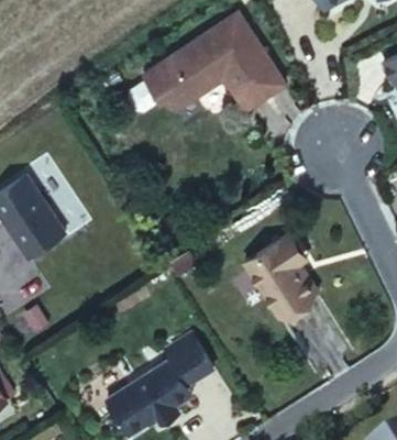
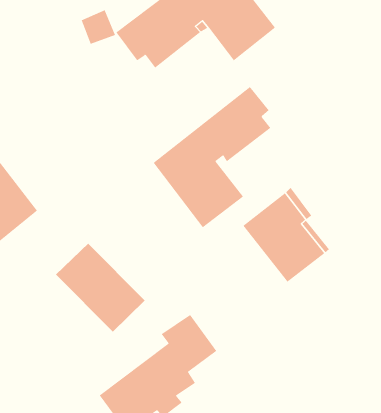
building: none -> [153,86,271,228]
building: none -> [55,243,146,332]

